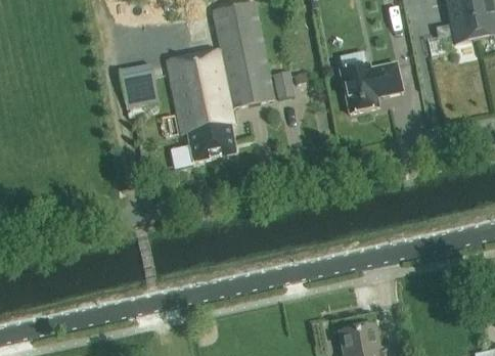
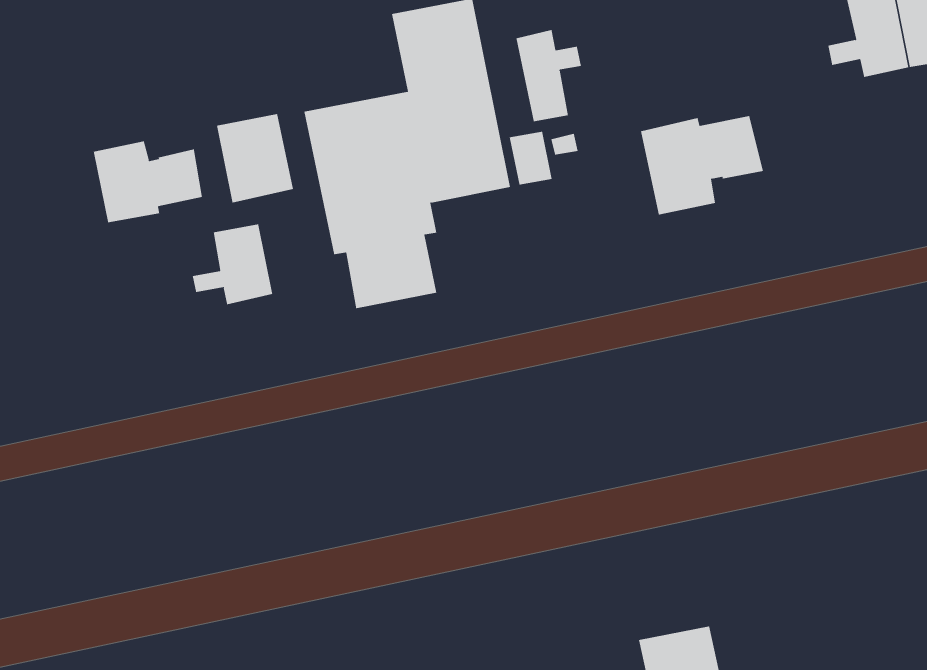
building: none -> [516,29,581,122]
building: none -> [93,140,203,223]
building: none -> [192,223,273,305]

